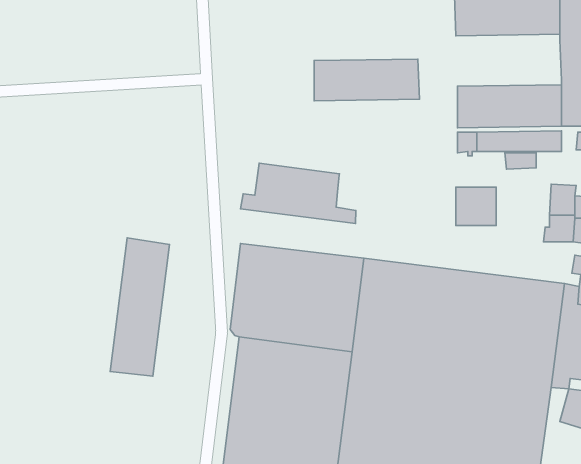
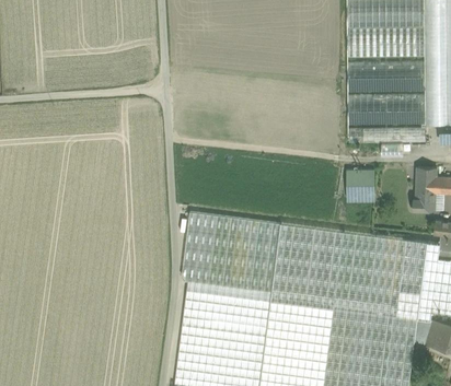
building: [314,59,419,101] -> [348,62,426,93]
building: [240,163,356,223] -> none
building: [110,238,170,376] -> none

